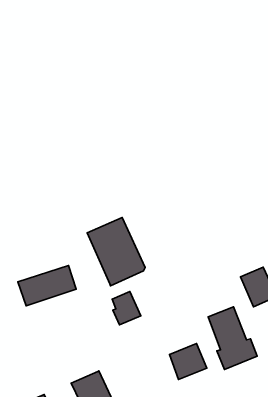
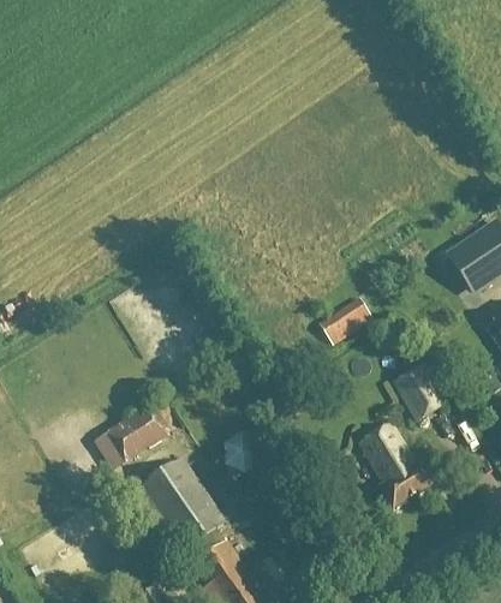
building: none -> [316,295,371,341]
building: [87,218,145,286] -> [138,456,223,550]
building: [169,344,207,379] -> none

